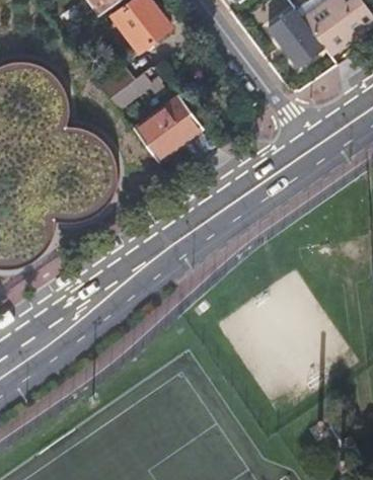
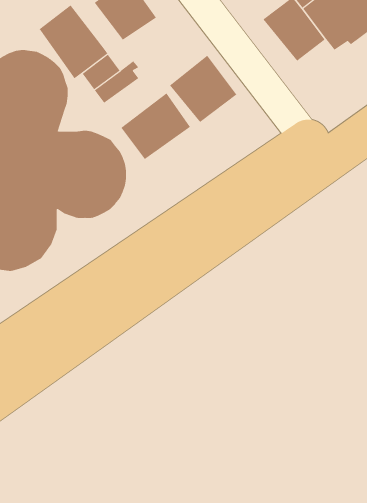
building: none -> [39,5,108,79]
building: none -> [169,55,237,123]

